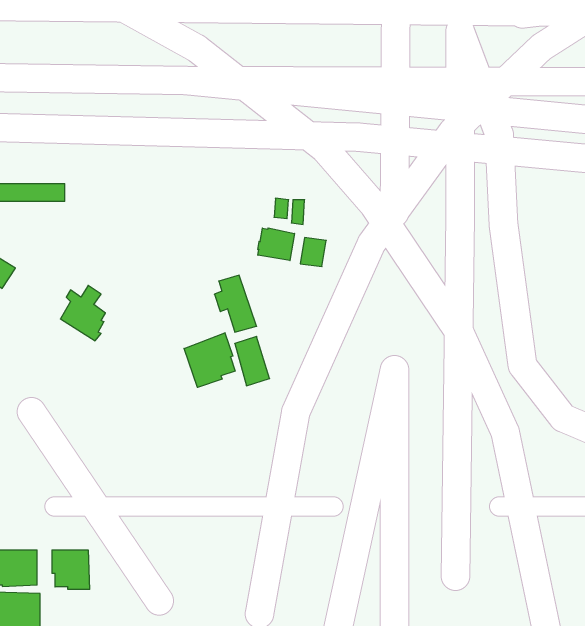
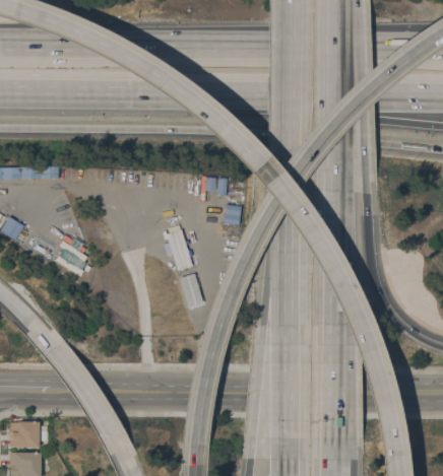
building: [258,228,294,261] -> none
building: [184,333,235,387] -> none
building: [52,550,90,589] -> none

